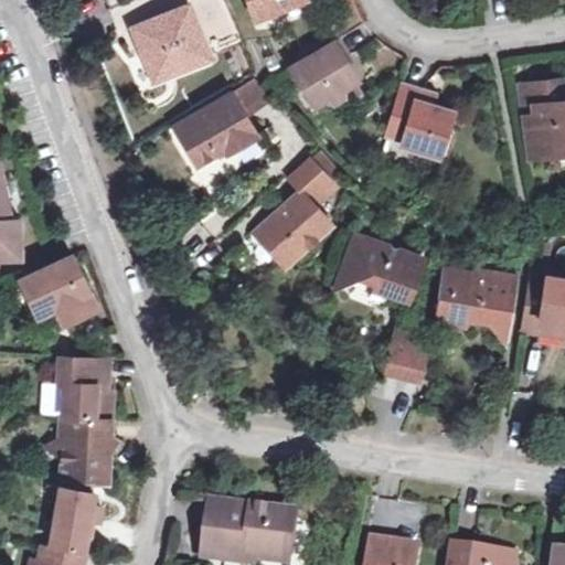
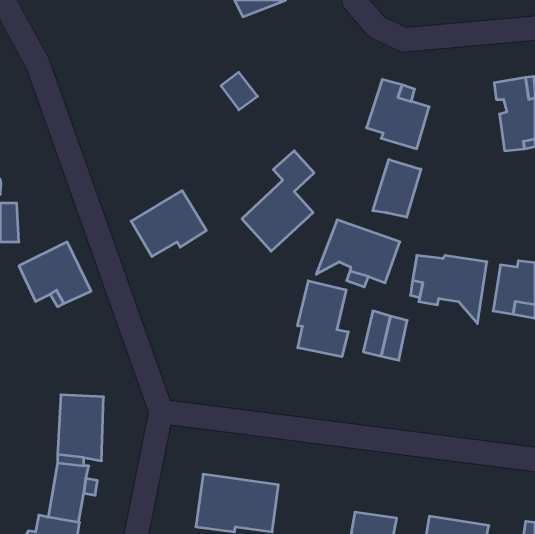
building: [132,6,209,78] -> none
building: [290,40,358,105] -> none
building: [174,94,254,163] -> [131,191,206,257]
building: none -> [373,159,421,217]
building: none -> [298,281,348,357]
building: [55,358,109,419] -> none

